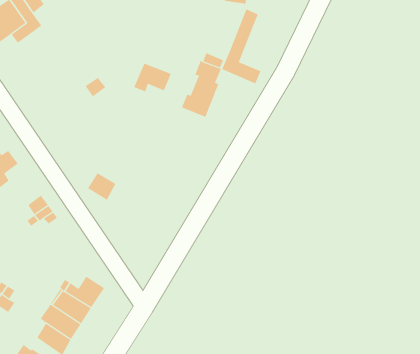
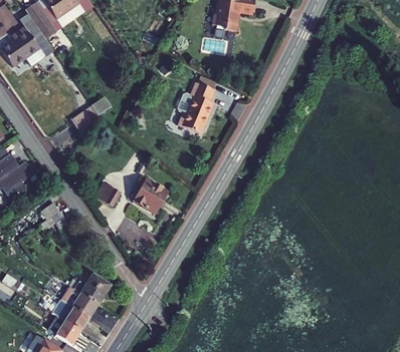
building: [221,9,261,84] -> none
building: [134,63,172,92] -> none
building: none -> [72,104,99,137]
building: none -> [134,175,168,213]

